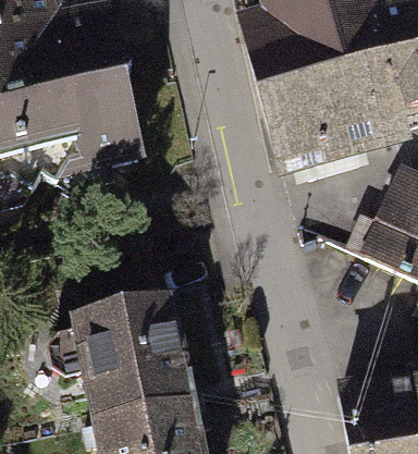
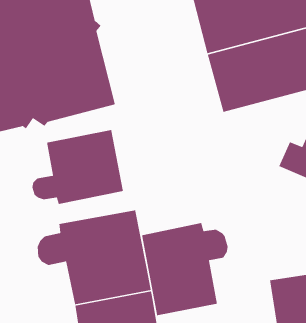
building: none -> [31,129,124,205]
building: none -> [141,222,228,316]

